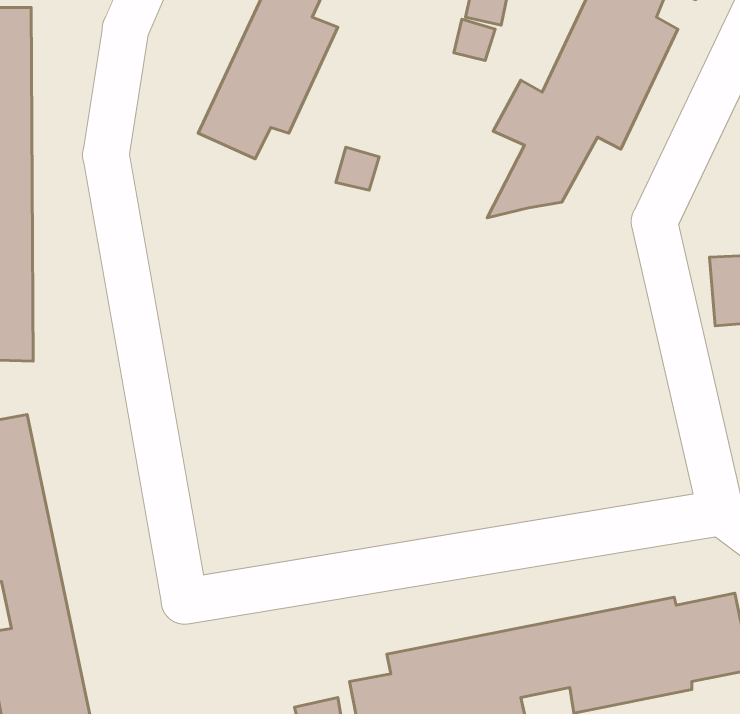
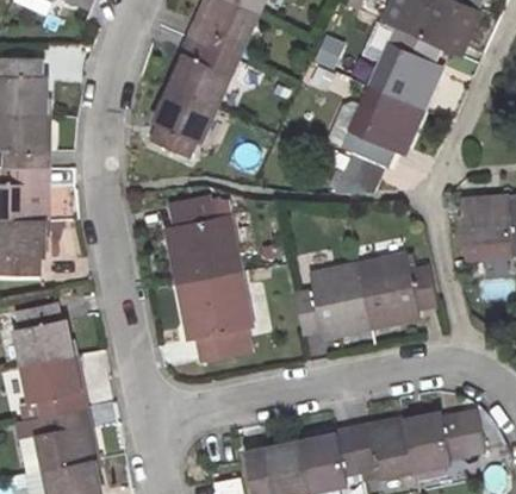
building: none -> [166,196,254,356]
building: none -> [294,250,430,340]

